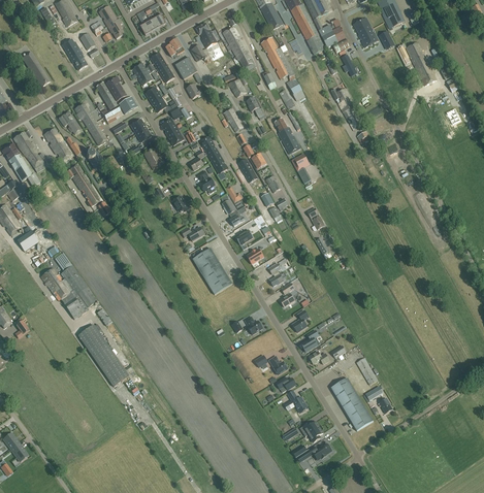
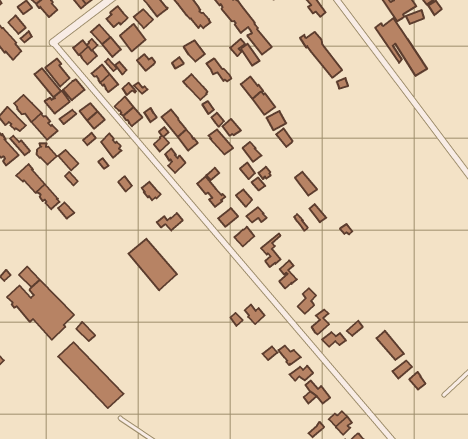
building: none -> [375,18,427,76]
building: [192,248,231,294] -> [128,239,177,290]
building: [330,376,373,430] -> none

